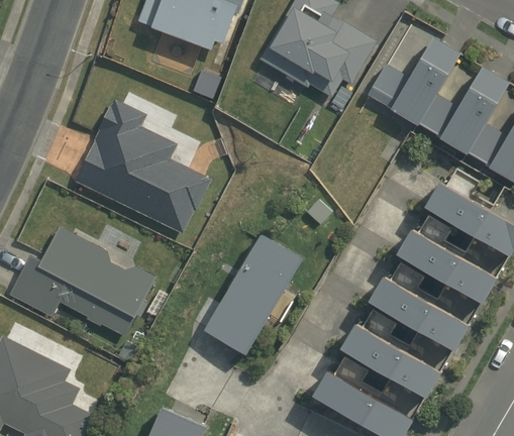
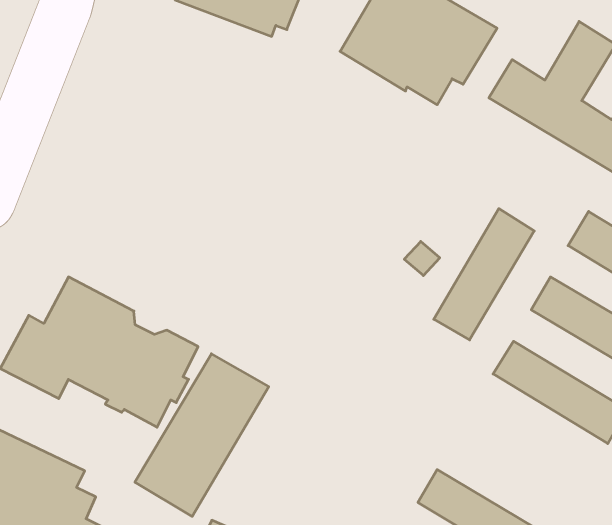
building: [72,98,211,234] -> none
building: none -> [434,209,534,340]
building: [206,233,305,353] -> [135,354,269,516]
building: [344,320,443,397] -> none

